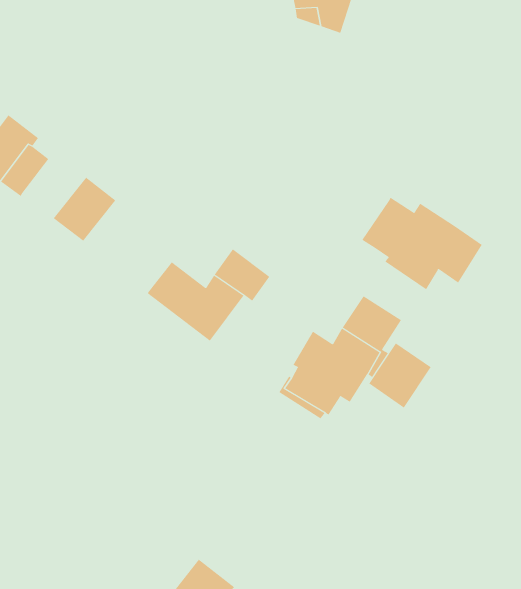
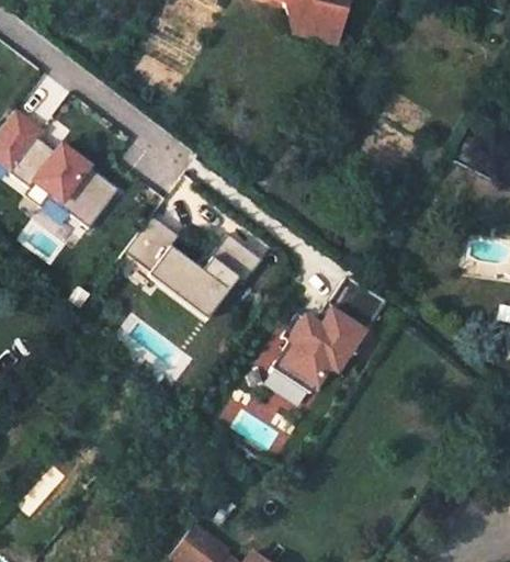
building: none -> [30,145,89,206]
building: [362,197,483,290] -> none
building: none -> [123,216,177,273]
building: [368,343,431,408] -> none

